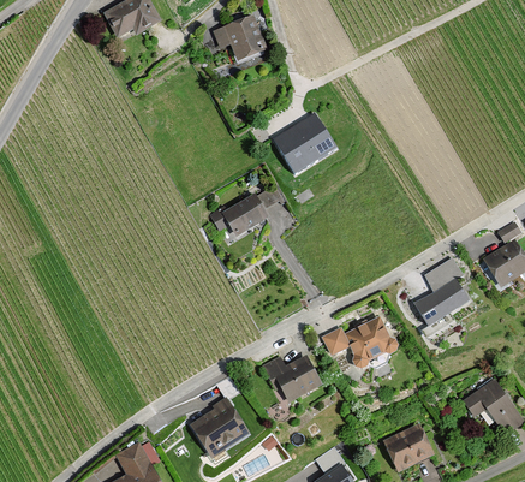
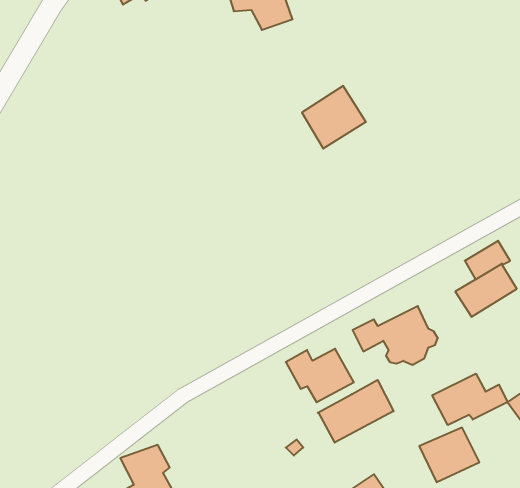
building: [210,191,269,236] -> none
building: none -> [432,374,507,425]
building: none -> [318,380,394,443]
building: [189,393,251,456] -> none

